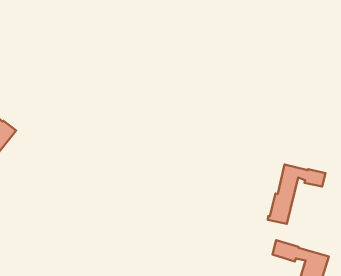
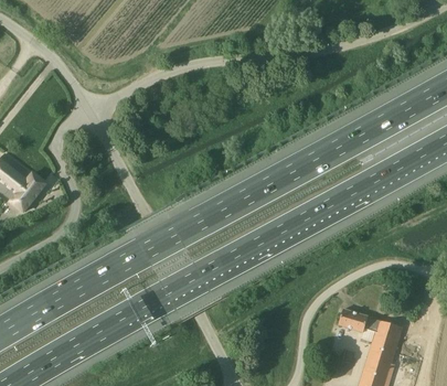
building: [268,165,326,224] -> none

